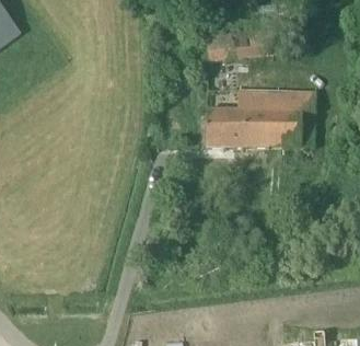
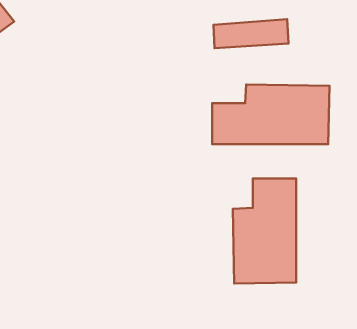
building: none -> [233,179,296,283]

